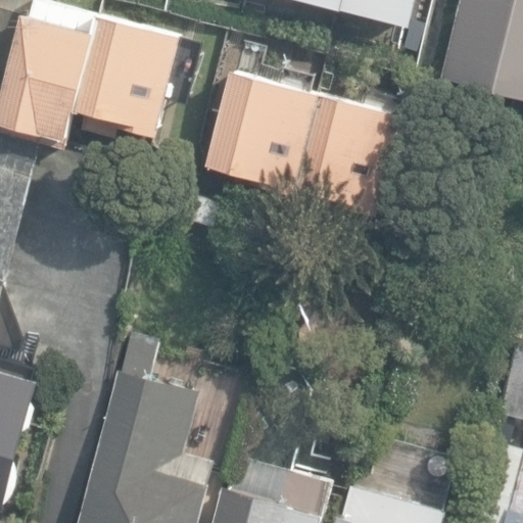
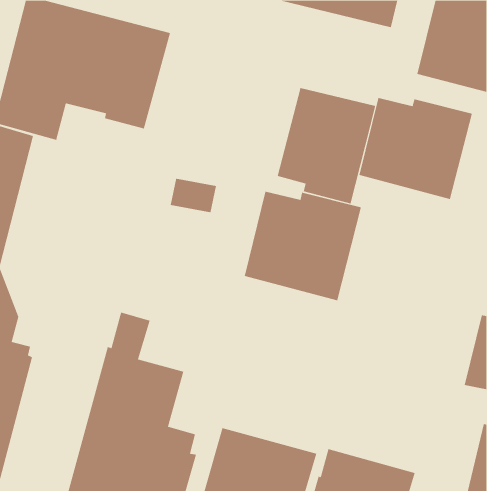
building: [202,69,318,196] -> none
building: none -> [359,97,472,200]
building: none -> [244,191,362,301]

